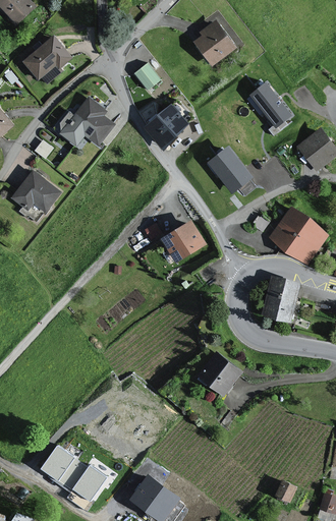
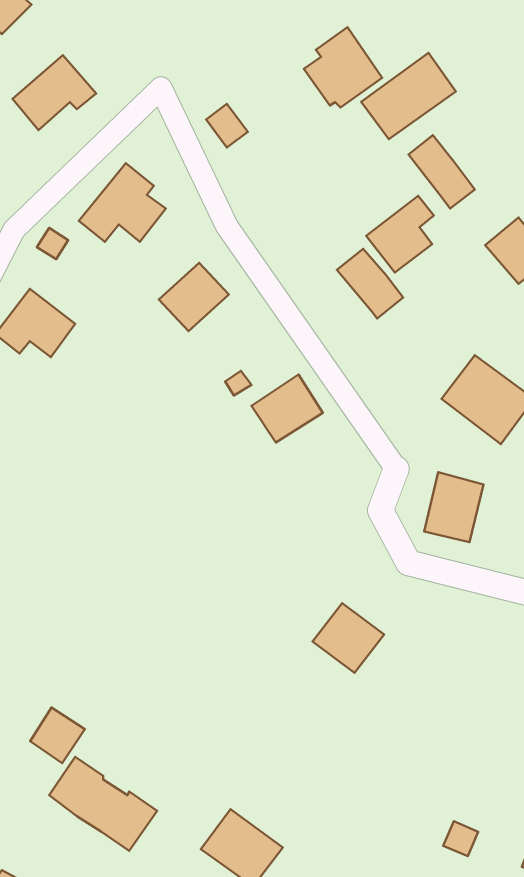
building: none -> [361,53,456,139]
building: [146,106,186,146] -> [159,263,229,331]
building: none -> [366,196,434,272]
building: none -> [30,707,85,763]

